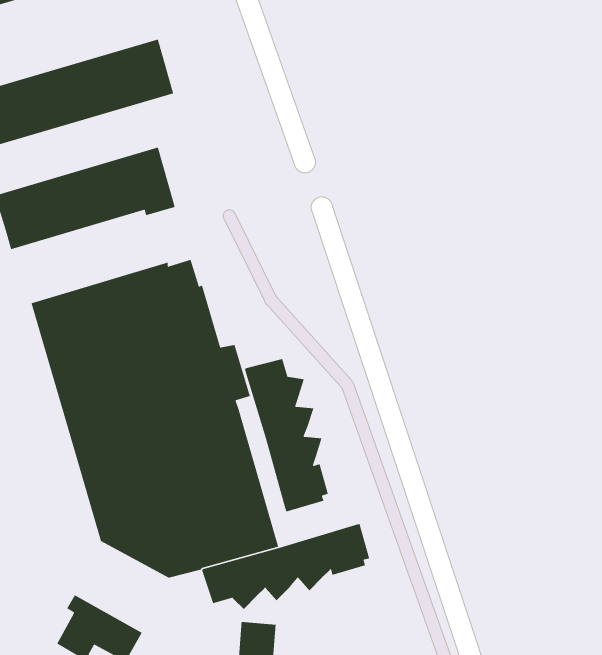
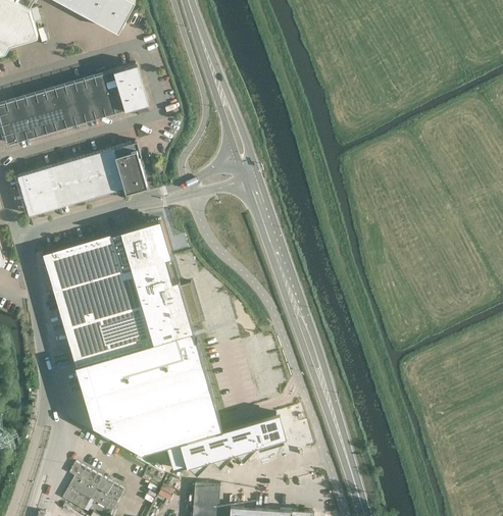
building: [244,358,329,513] -> none

